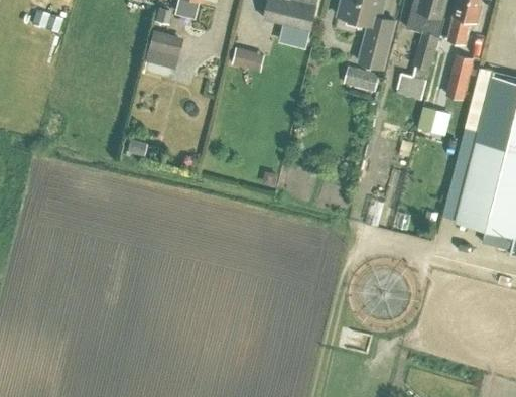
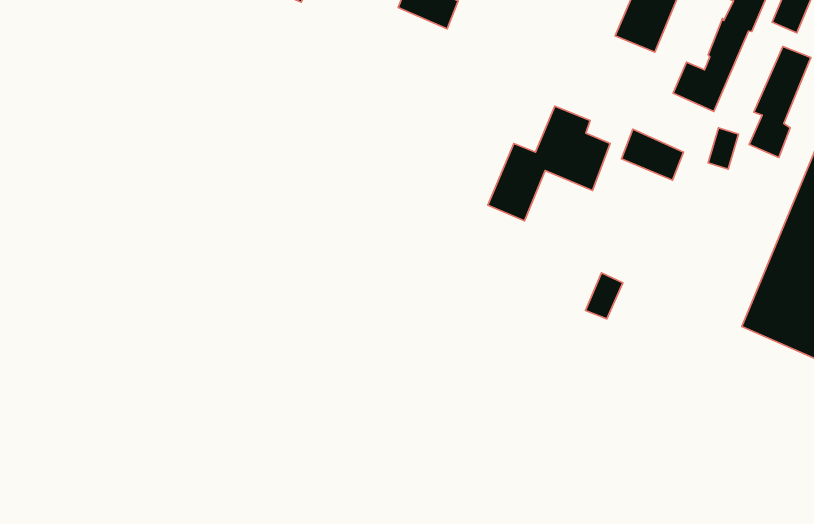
building: [344,65,379,92] -> [622,129,683,180]
building: none -> [488,106,610,221]

